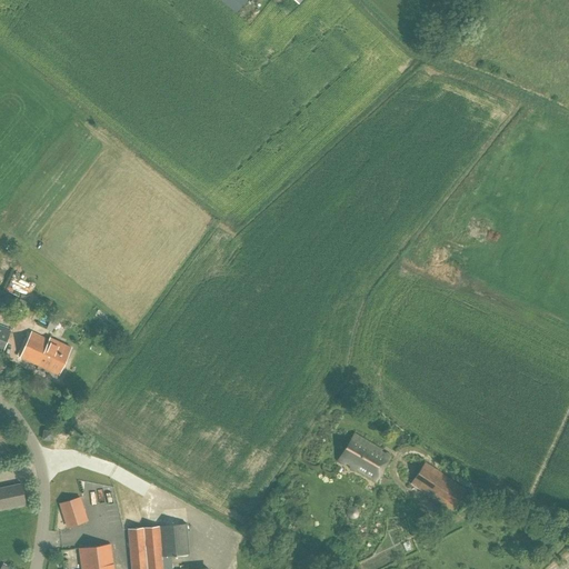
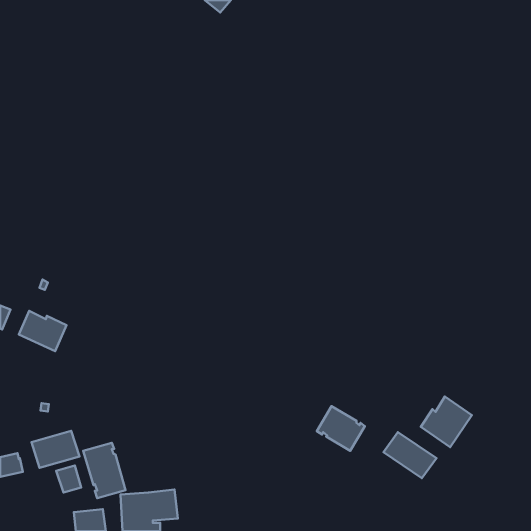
building: none -> [421,397,472,447]
building: none -> [31,431,79,468]
building: none -> [83,443,126,498]

